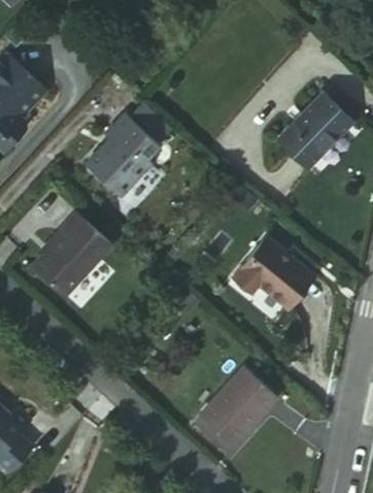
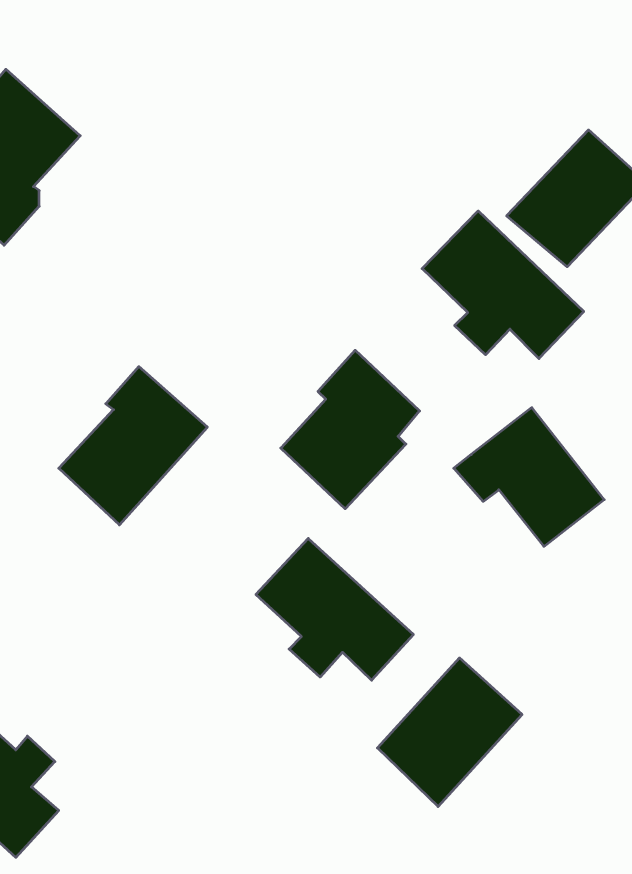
building: [86,116,159,199] -> [281,350,420,509]
building: none -> [422,211,584,359]
building: none -> [256,538,413,680]

